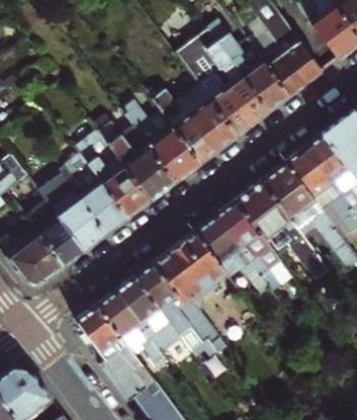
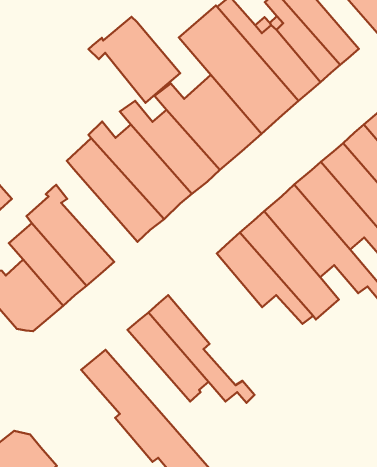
building: none -> [89,17,180,103]
building: [66,154,129,233] -> none
building: [152,232,227,352] -> none
building: [97,289,167,364] -> none

